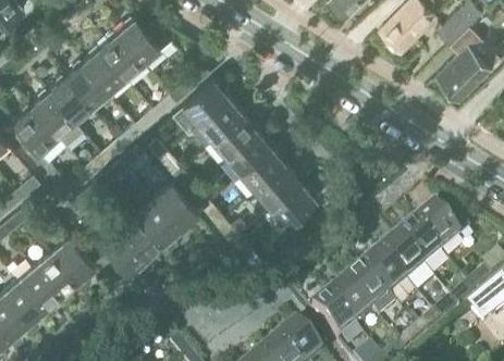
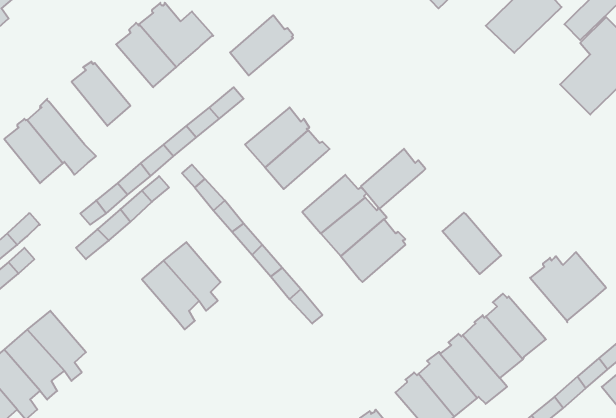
building: [81,47,125,96] -> none
building: [46,77,90,125] -> none
building: [181,79,229,125] -> [230,15,293,75]
building: [224,130,273,176] -> [361,149,425,209]
building: [150,183,196,237] -> none
building: [394,225,439,272] -> [442,213,501,274]
building: [99,227,144,281] -> none
building: [47,235,93,290] -> none

